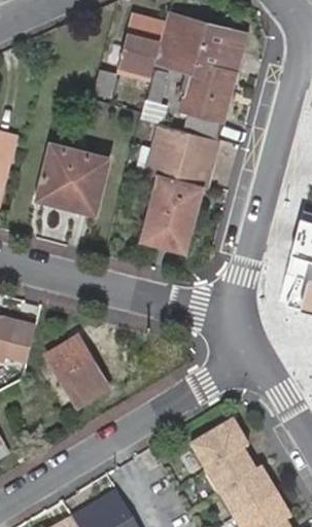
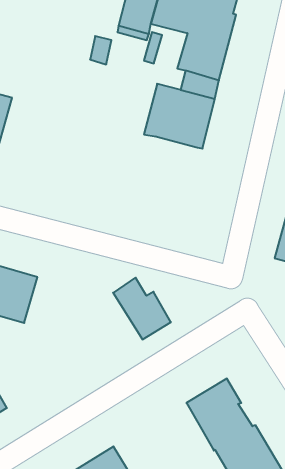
building: [34,144,107,212] -> none
building: [142,177,202,250] -> none
building: [48,341,107,403] -> [113,278,171,339]

